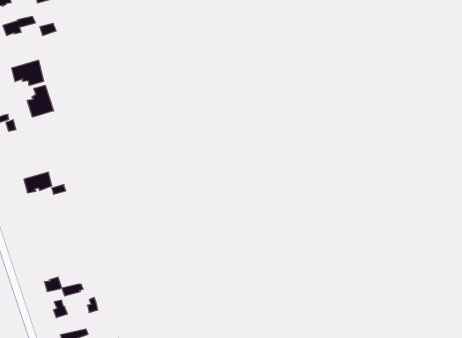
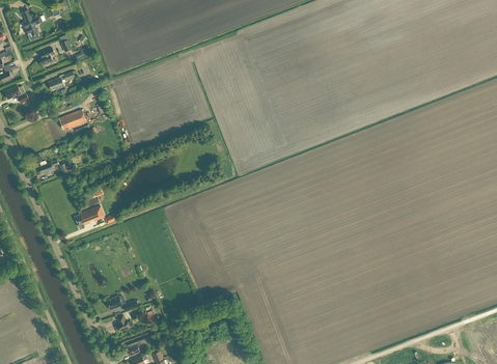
building: [27,85,54,117] -> none

